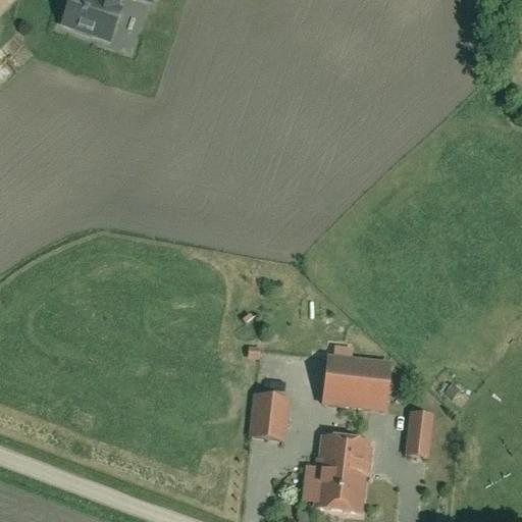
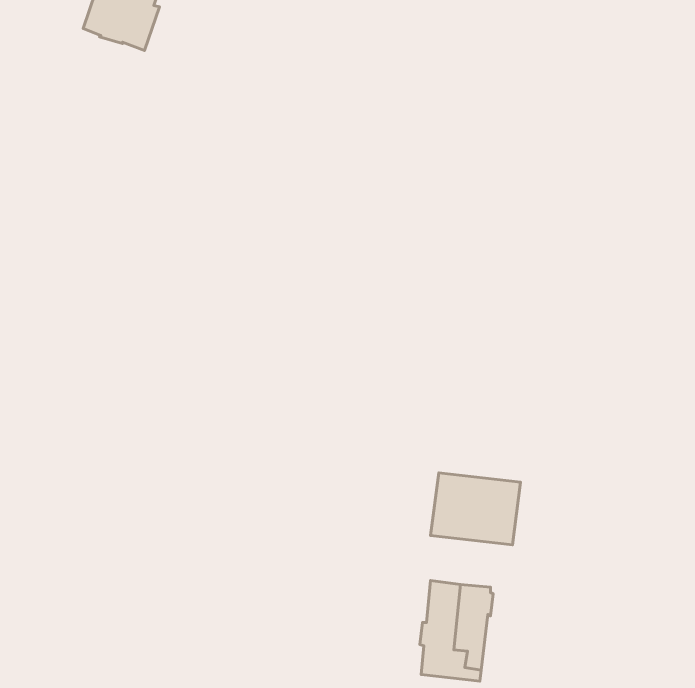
building: [251,393,289,437] -> none
building: [407,411,432,455] -> none

